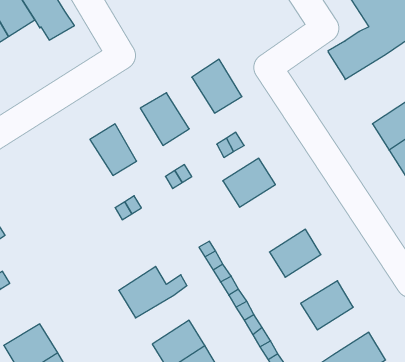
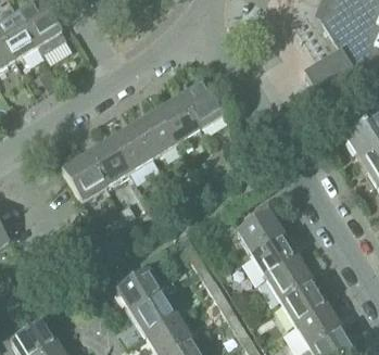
building: none -> [157,94,201,141]
building: none -> [111,123,154,170]
building: none -> [64,151,109,199]
building: [223,158,275,207] -> [236,208,283,253]
building: none -> [265,255,313,300]
building: none -> [129,292,178,337]
building: none -> [294,303,341,346]

